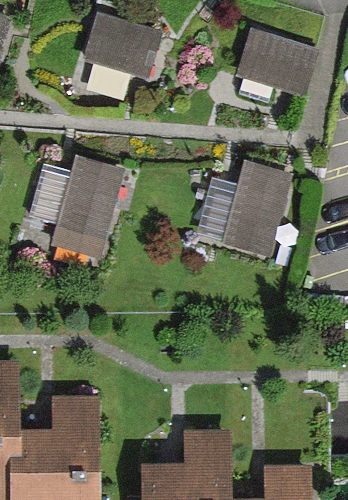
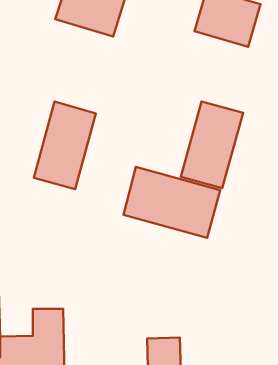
building: none -> [123,167,220,238]

